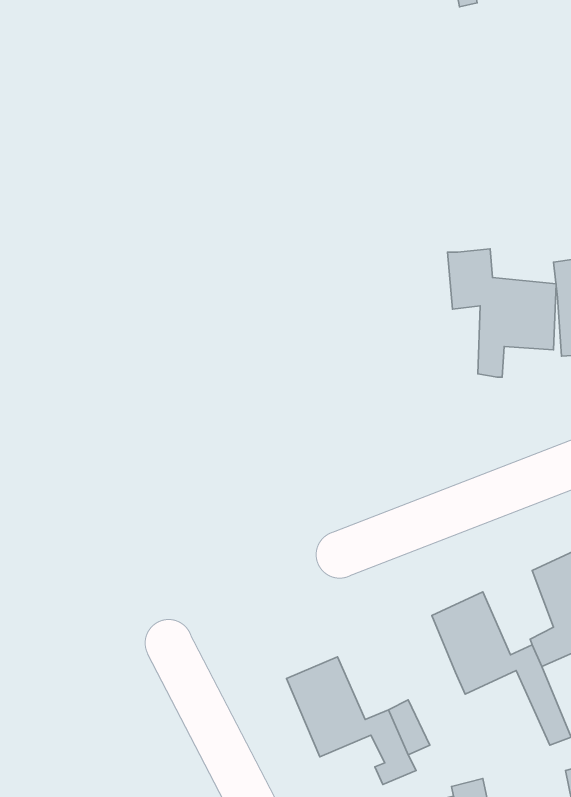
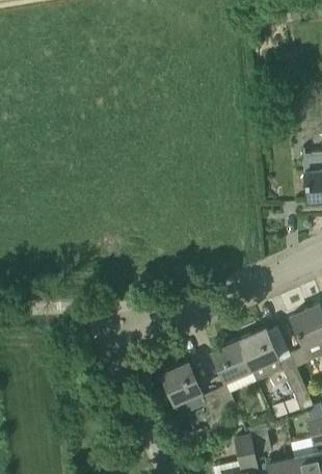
building: [448,249,556,377] -> none
building: none -> [211,340,250,381]

